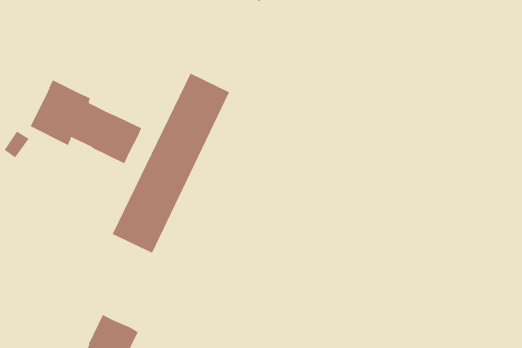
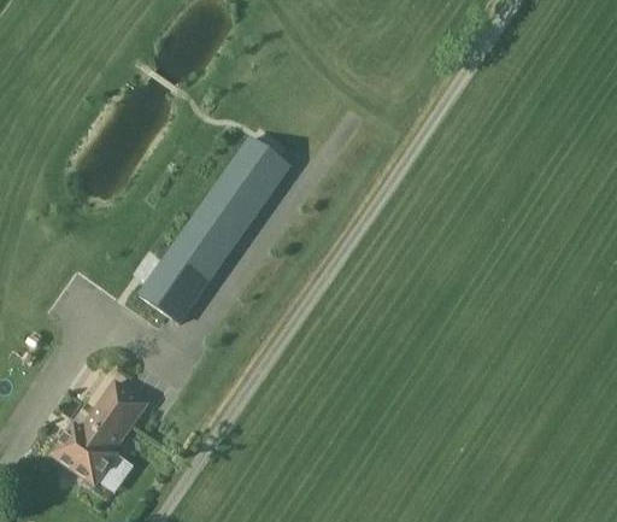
building: [30,80,142,164] -> none

